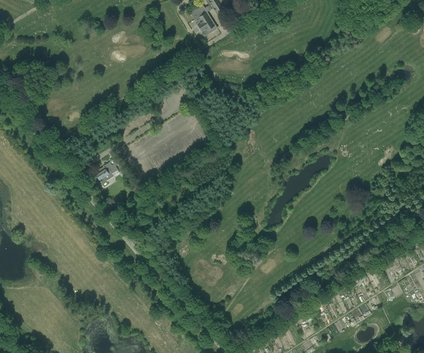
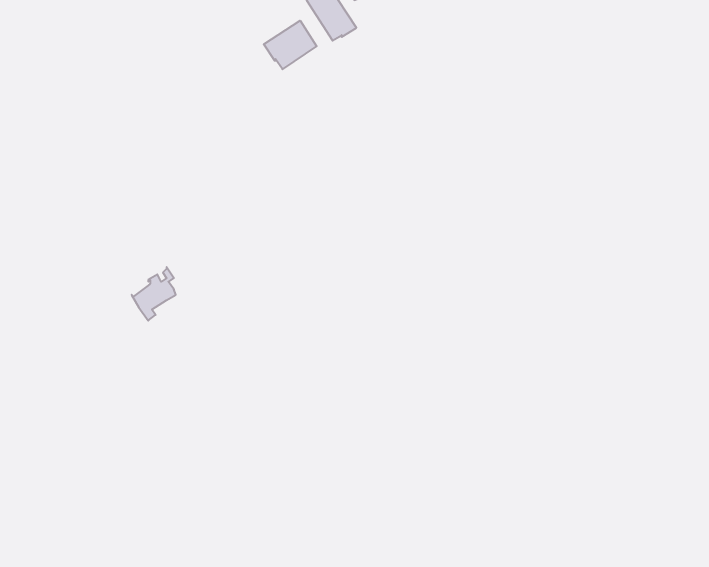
building: none -> [264,21,317,69]

